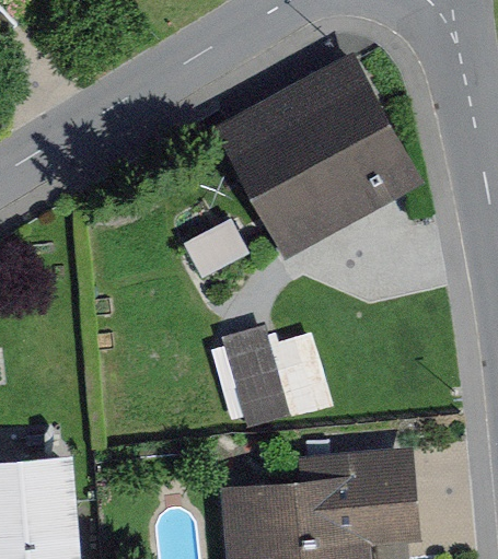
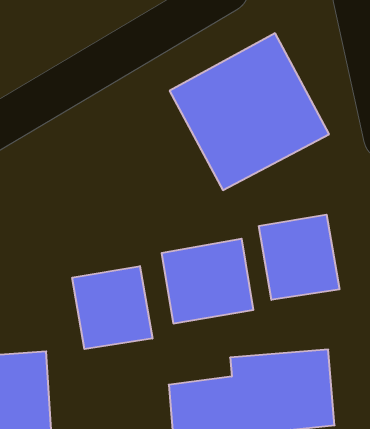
building: none -> [259,215,339,300]
building: none -> [72,266,152,349]

